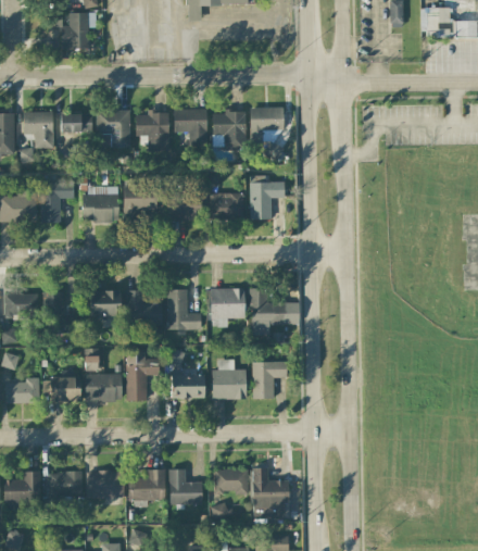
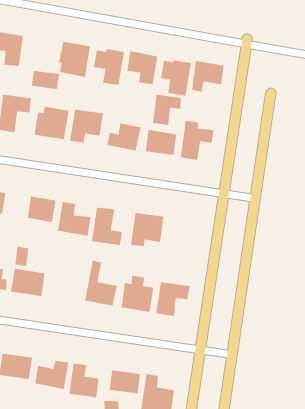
building: [61,112,91,132] -> [31,70,60,90]
building: none -> [152,94,182,126]
building: [249,287,287,334] -> none
building: [125,350,159,400] -> none

